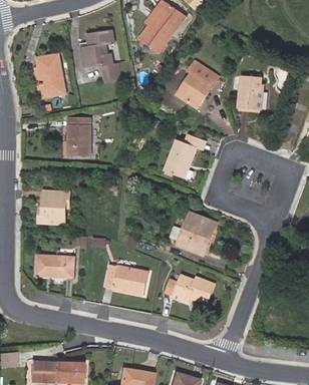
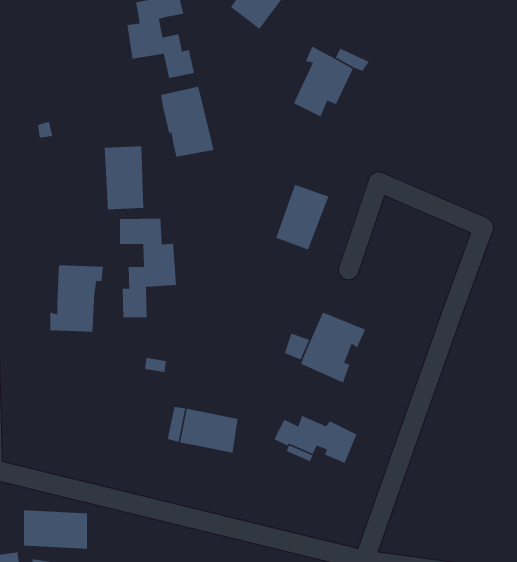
building: [36,56,67,97] -> [160,86,214,158]
building: [239,75,262,109] -> none
building: none -> [119,218,177,318]
building: [35,256,72,279] -> [23,509,88,550]

